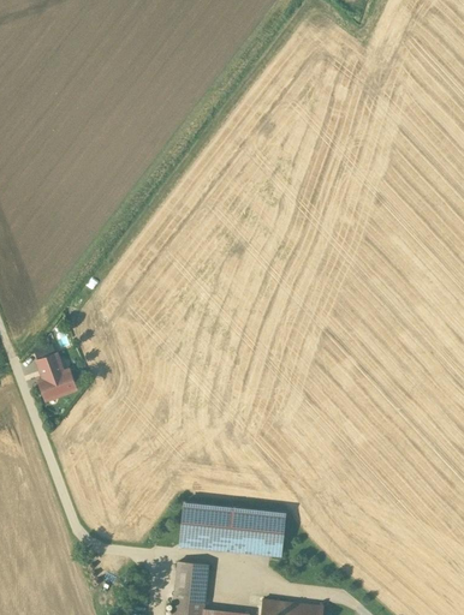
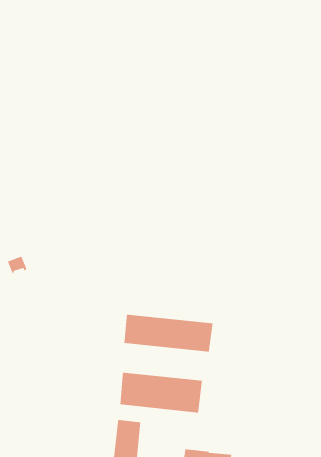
building: [40,371,73,400] -> none
building: none -> [123,314,213,353]

